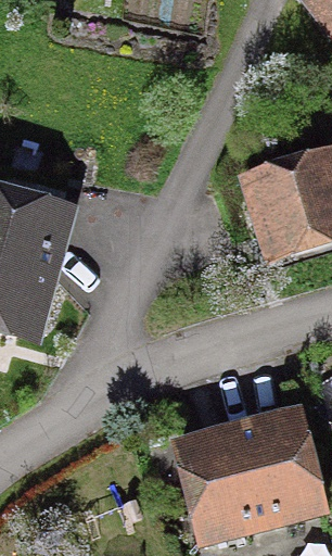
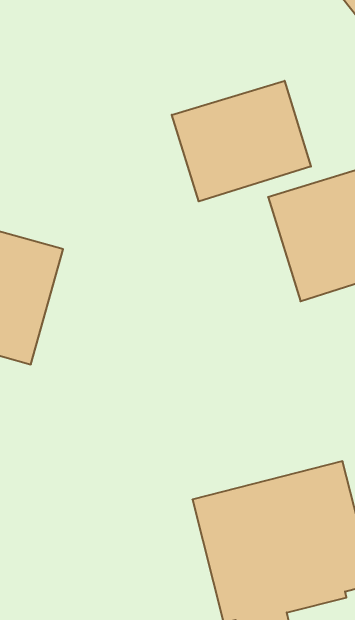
building: none -> [172,81,311,201]

